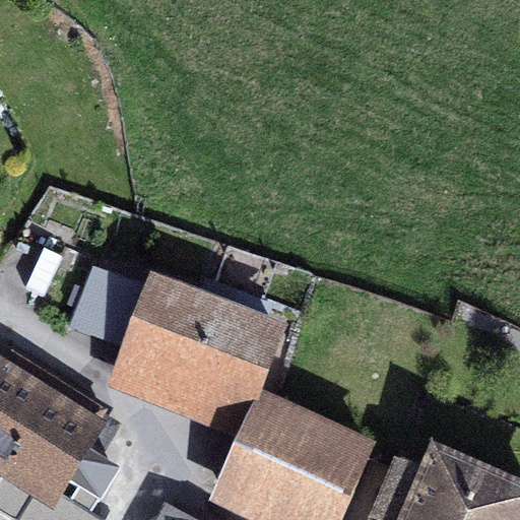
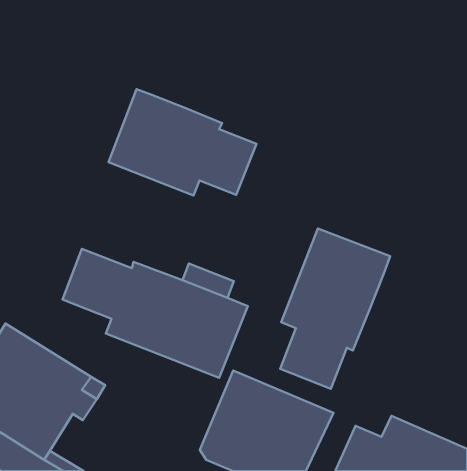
building: none -> [108,89,256,195]
building: none -> [280,229,390,389]

